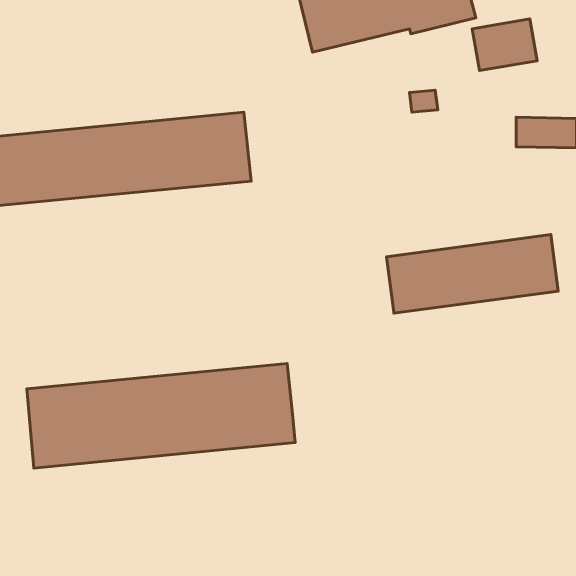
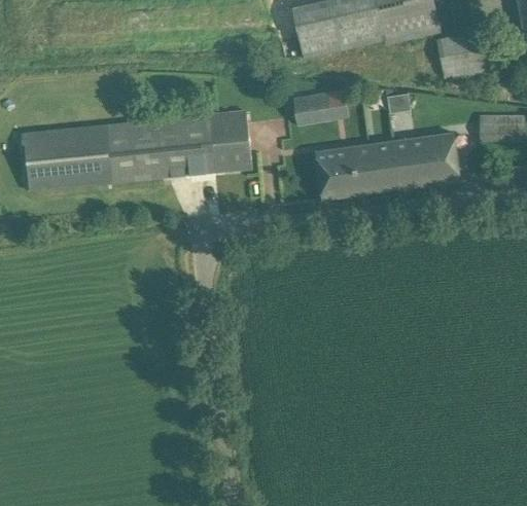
building: none -> [293,89,347,125]
building: [386,235,558,313] -> [316,133,460,198]
building: [27,364,295,468] -> none

